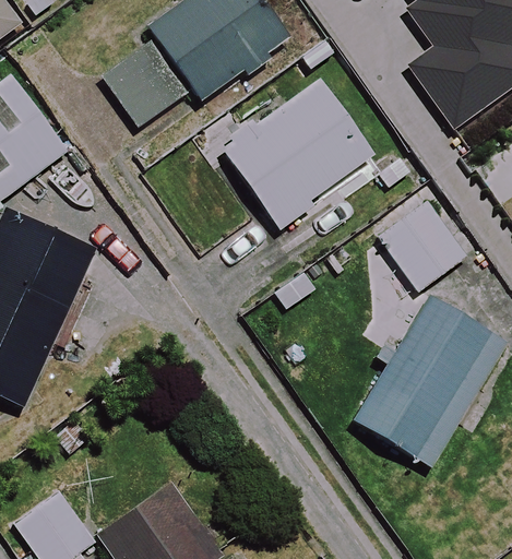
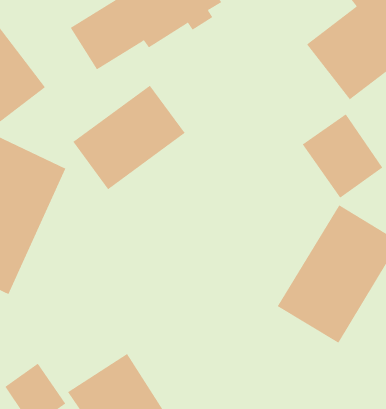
building: [221,79,372,230] -> none
building: none -> [73,85,186,190]

